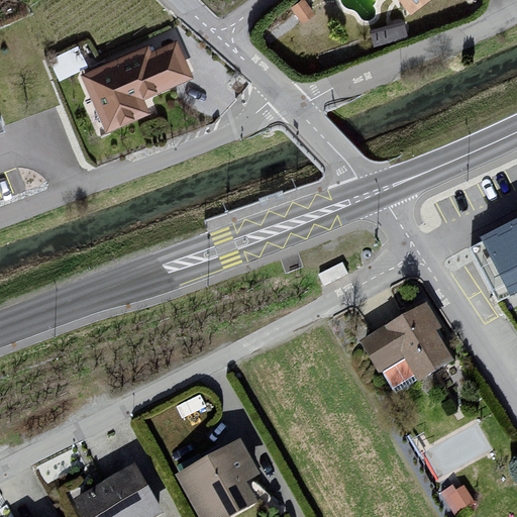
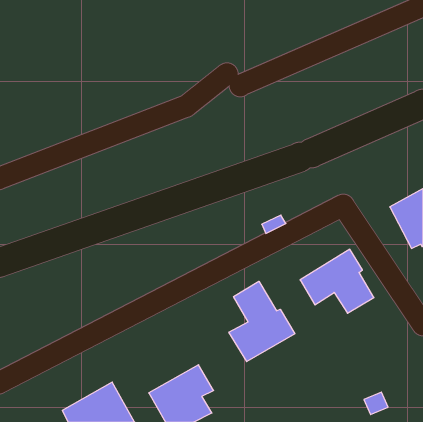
building: [79,40,191,131] -> none
building: none -> [229,281,295,362]

